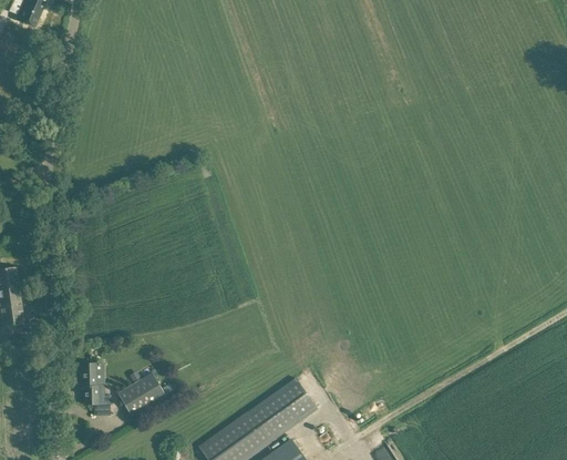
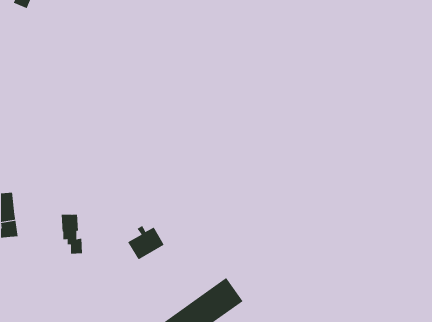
building: [82,362,111,415] -> [61,214,83,254]
building: [117,370,166,416] -> [127,225,164,260]

